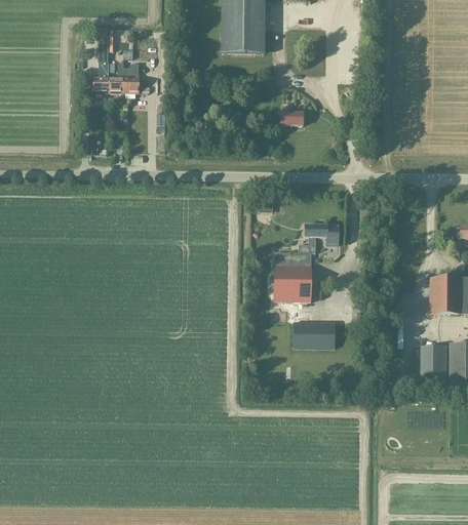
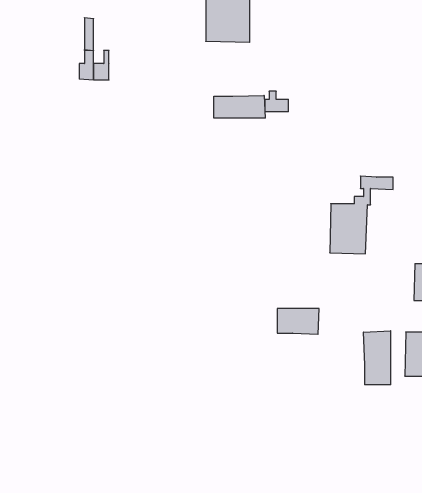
building: [123,63,139,92] -> none
building: none -> [214,95,265,118]
building: [274,224,338,301] -> [330,176,393,254]
building: none -> [364,331,391,385]

